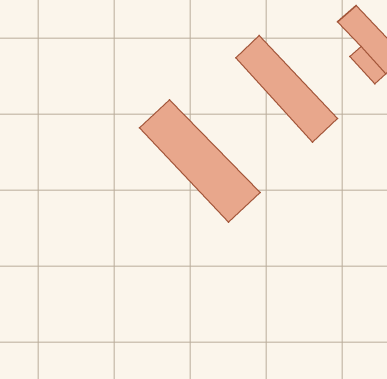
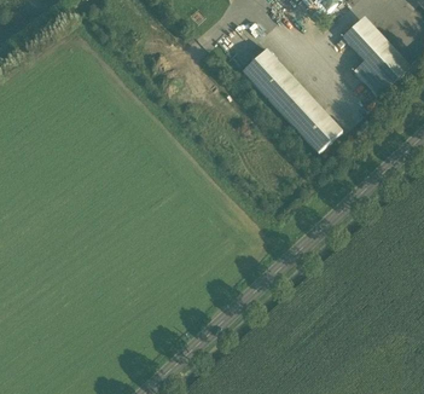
building: [140,100,260,222] -> none

